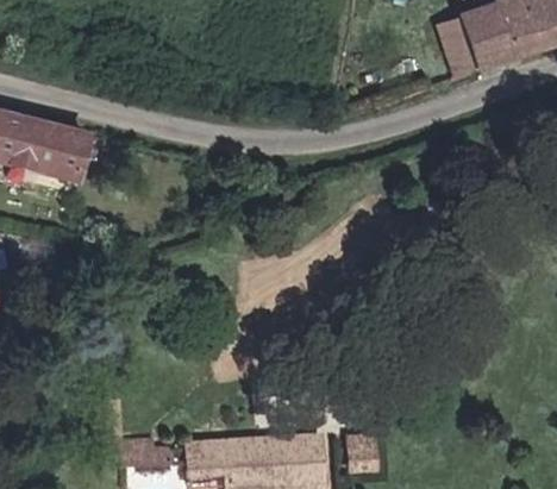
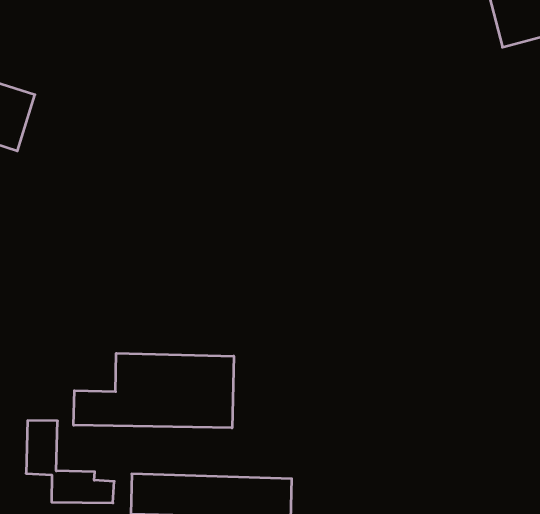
building: none -> [74,353,234,428]

